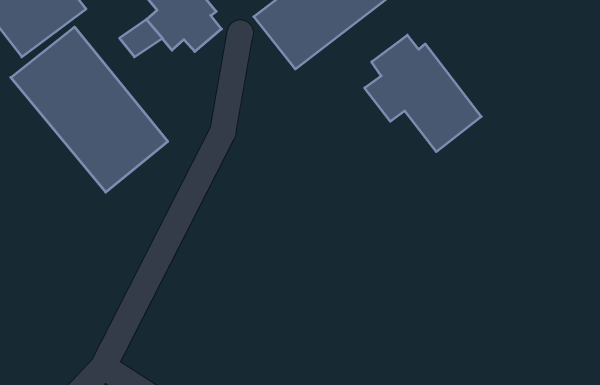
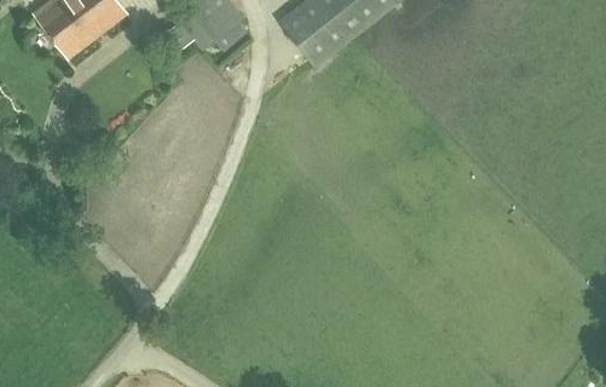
building: [11,27,168,192] -> none
building: [365,35,481,152] -> none

